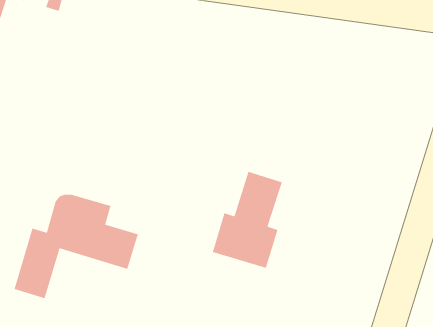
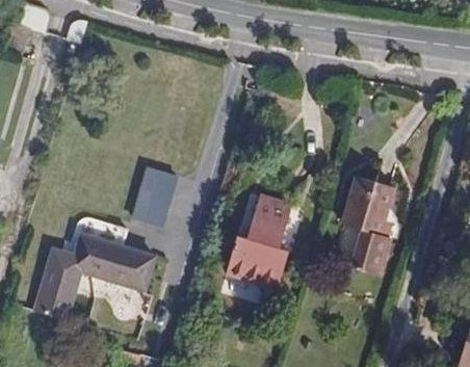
building: none -> [134,167,180,228]
building: none -> [342,177,394,277]

